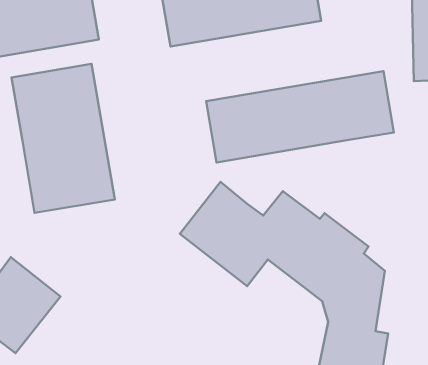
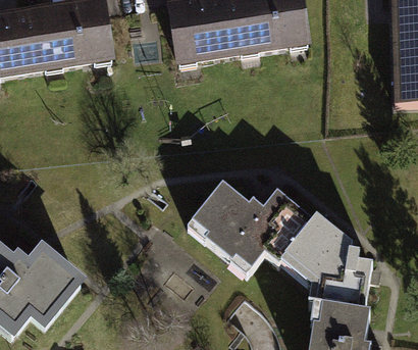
building: [11,64,115,213] -> none
building: [206,71,394,162] -> none

